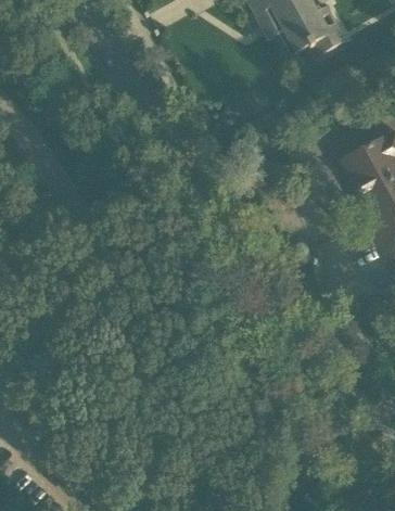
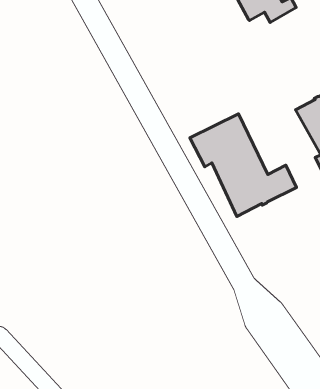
building: none -> [190,114,296,216]

